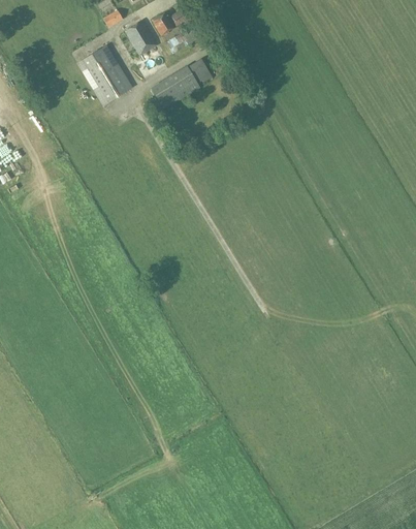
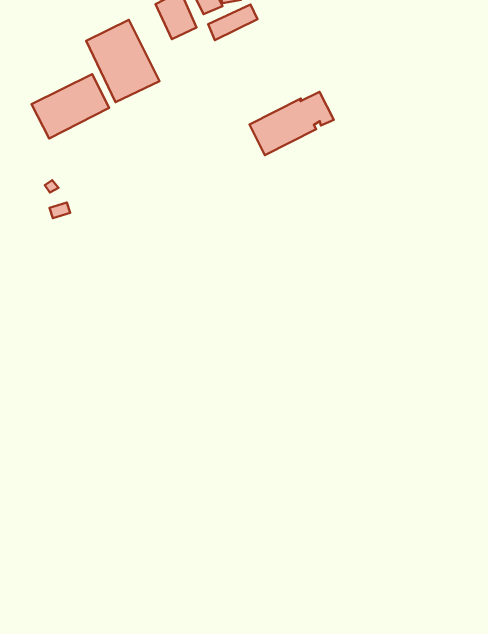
building: [151,58,213,108] -> [249,92,334,155]
building: none -> [31,74,109,139]

